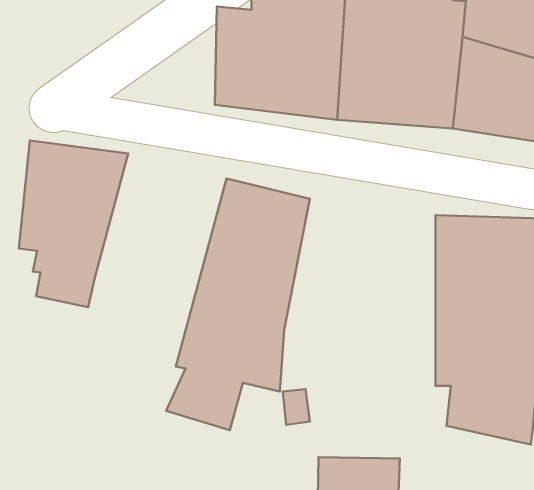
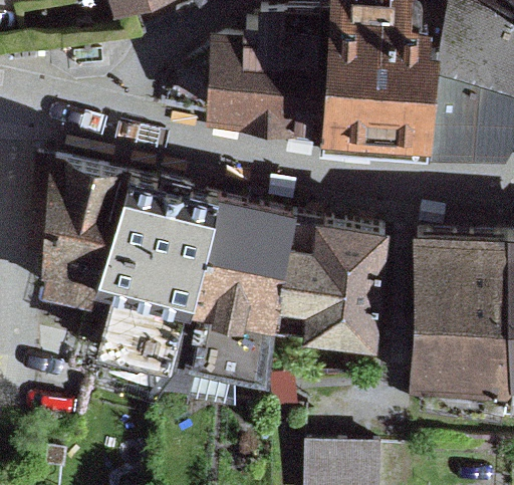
building: none -> [95,162,220,367]
building: none -> [273,204,391,336]

